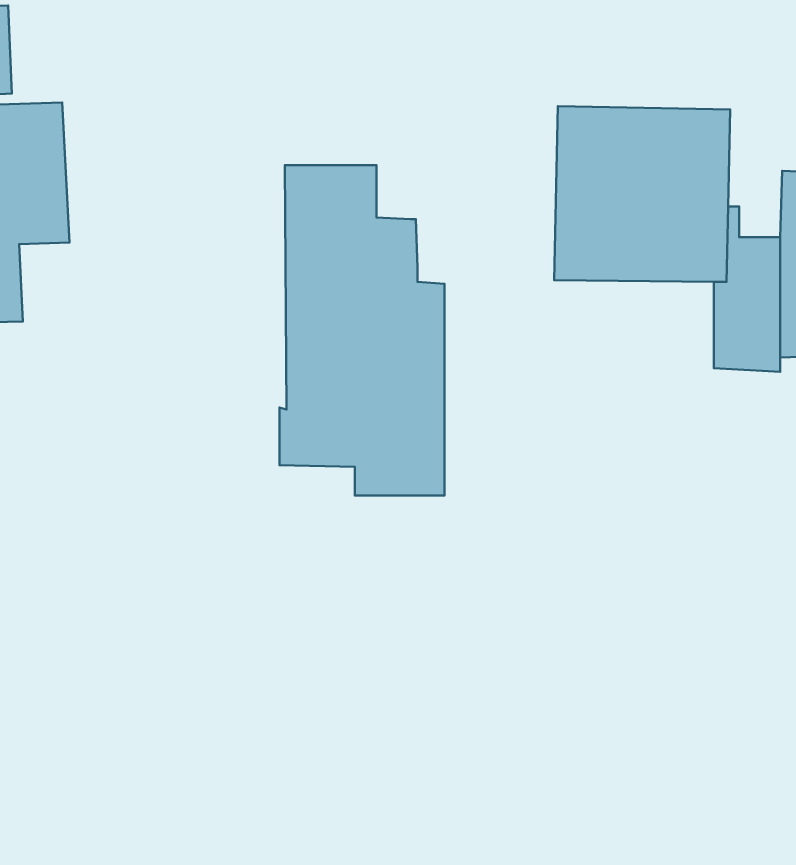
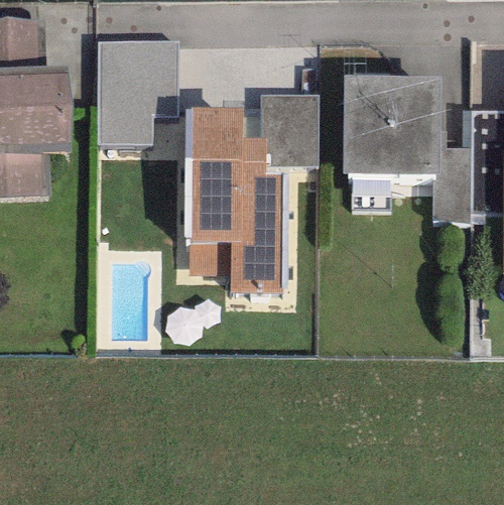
building: none -> [97,41,177,144]
building: none -> [260,95,317,166]

